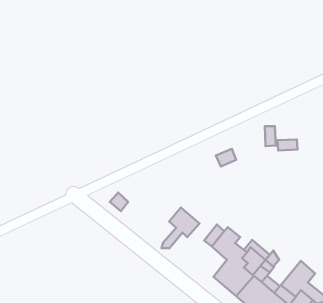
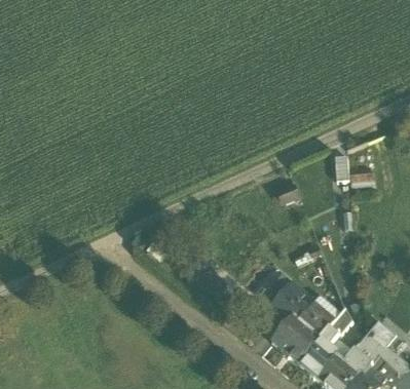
building: [161,207,200,248] -> none

